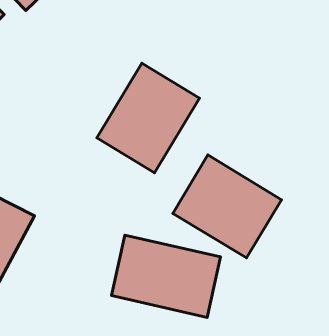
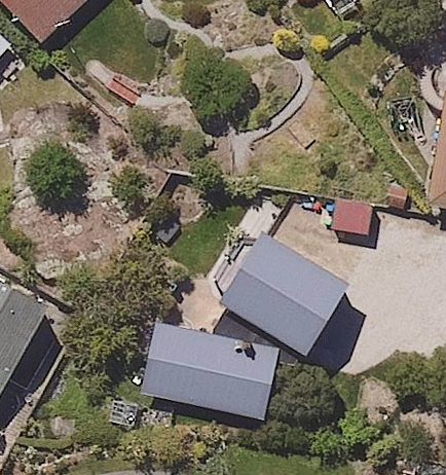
building: [97,63,200,173] -> none

